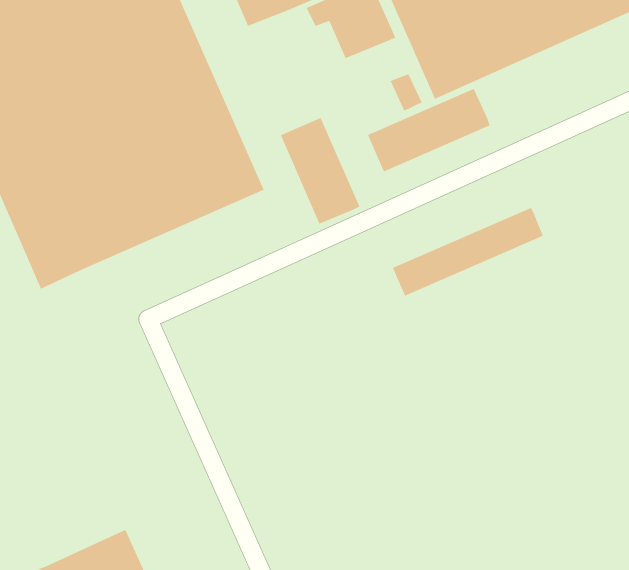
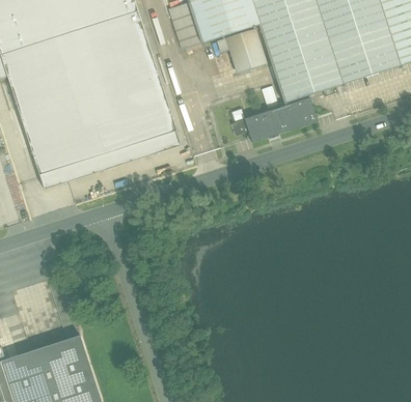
building: [280,117,360,225] -> none
building: [392,207,544,296] -> none

